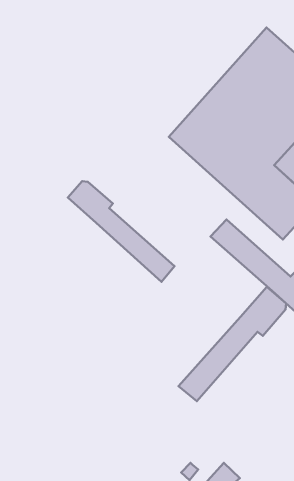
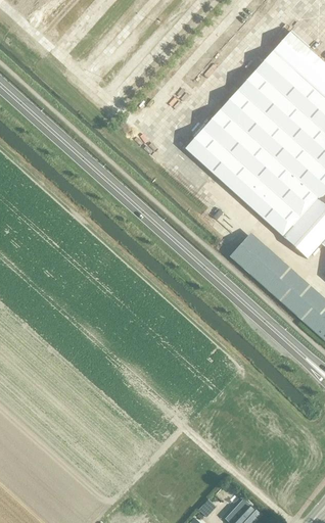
building: [68,181,174,282] -> none
building: [179,287,286,401] -> none

